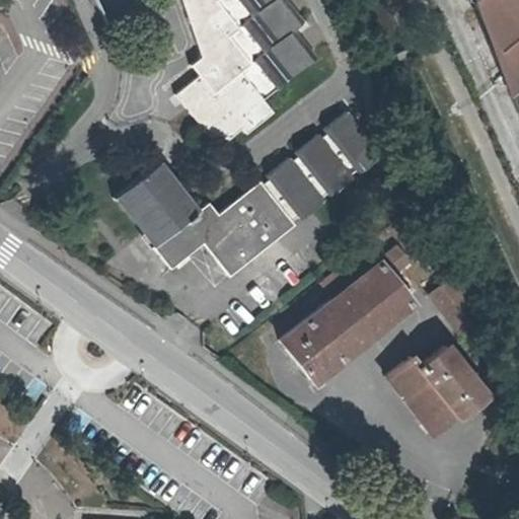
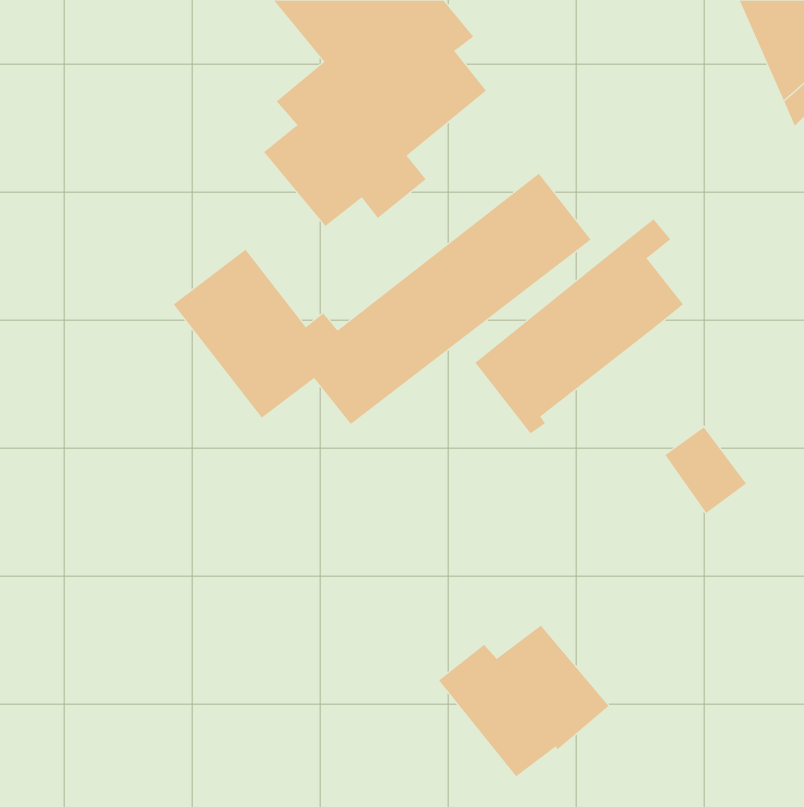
building: [284,245,418,383] -> [475,218,684,434]
building: [383,340,493,437] -> [438,625,609,777]

